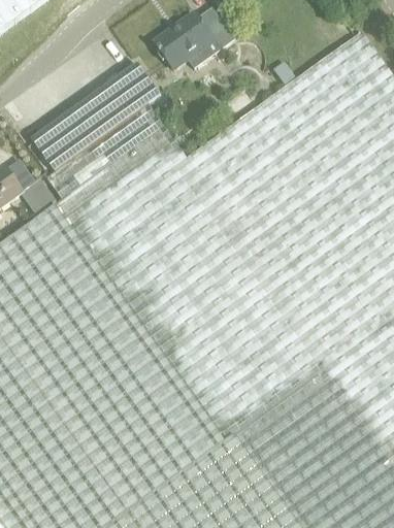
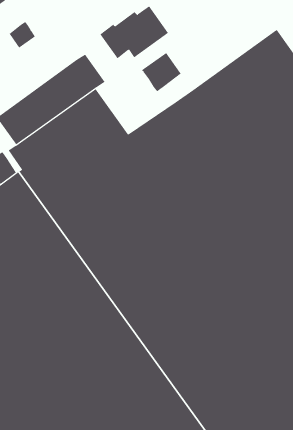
building: none -> [9,21,36,49]
building: none -> [141,52,181,92]

